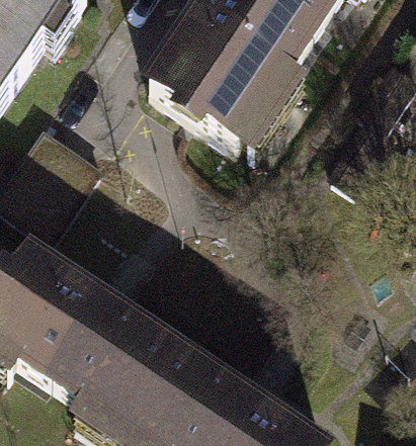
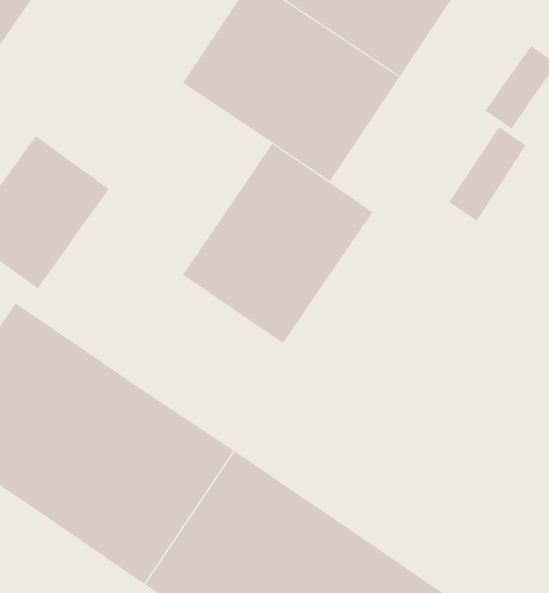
building: none -> [182,143,373,344]

